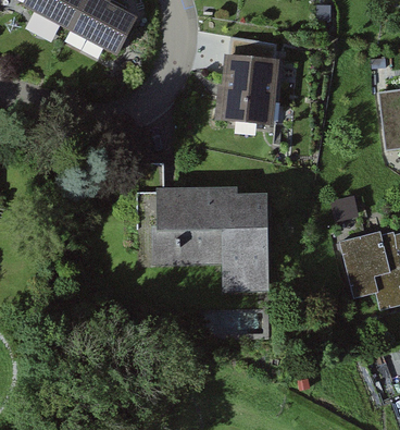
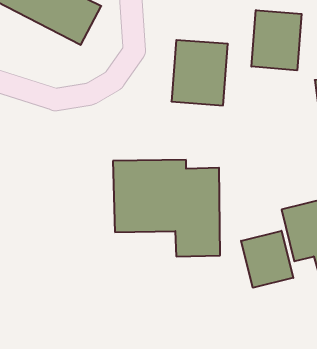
building: none -> [251,10,302,70]
building: none -> [241,231,293,288]

